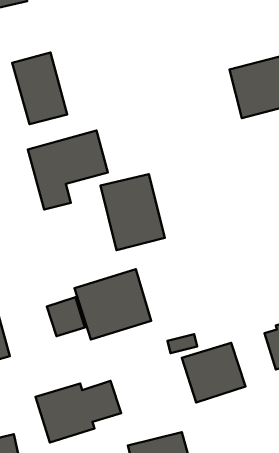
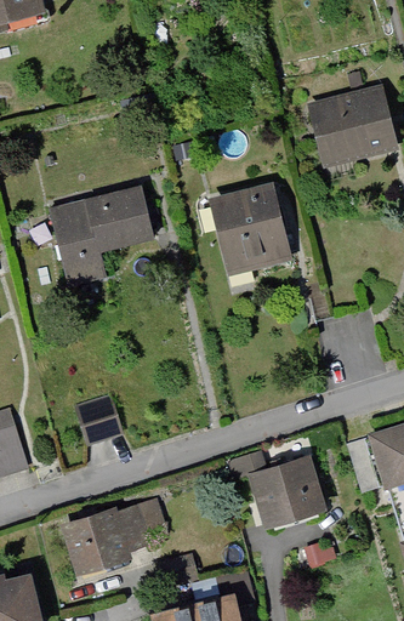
building: [12,52,67,124] -> none
building: [100,174,165,250] -> [209,183,291,280]
building: [75,269,151,340] -> none

